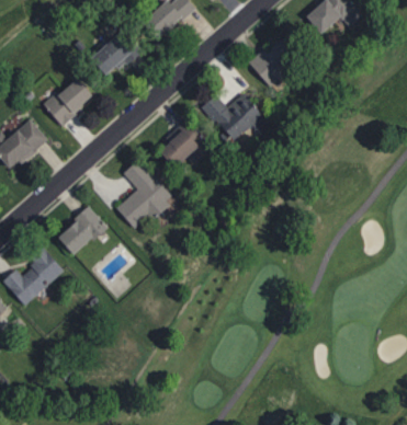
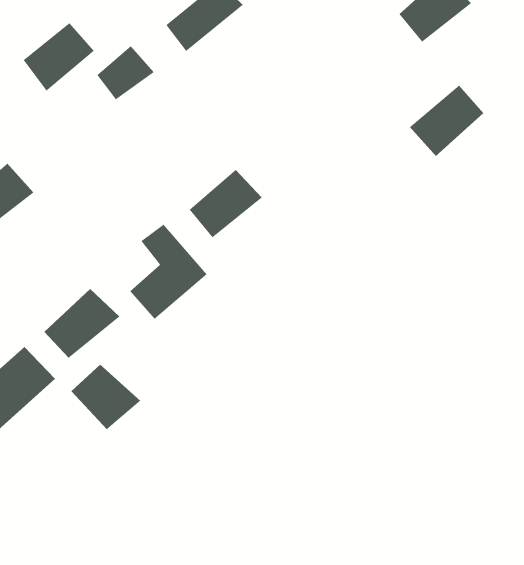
building: [252,36,305,87] -> [409,85,484,157]
building: [45,77,95,125] -> [23,23,95,92]
building: [214,93,265,141] -> none
building: none -> [71,364,141,430]

